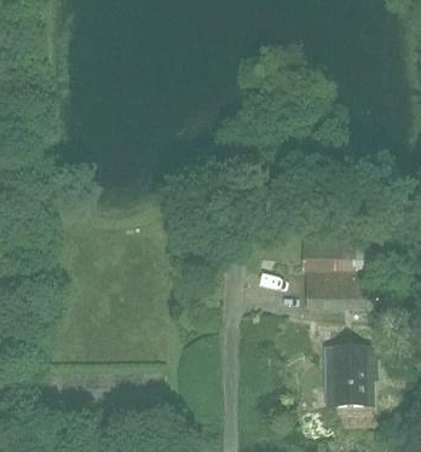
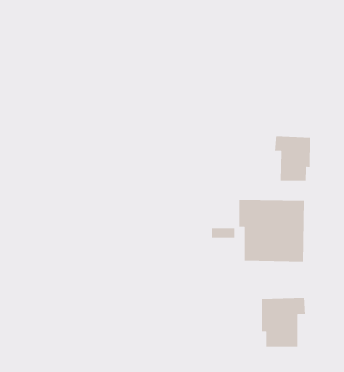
building: none -> [274,135,311,181]

